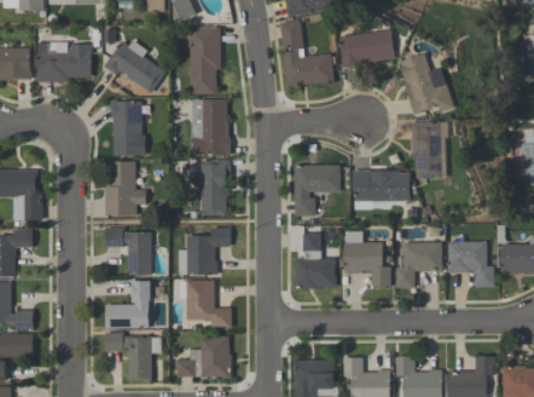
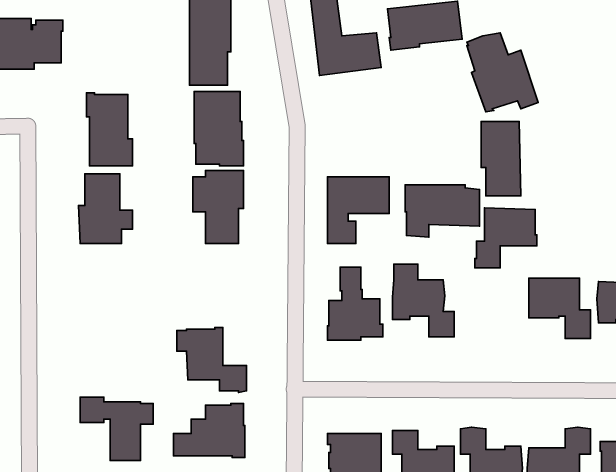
building: [104,39,166,92] -> none
building: [105,226,151,275] -> none
building: [178,226,230,275] -> none
building: [395,241,442,287] -> [475,208,537,268]
building: [105,280,151,328] -> none

